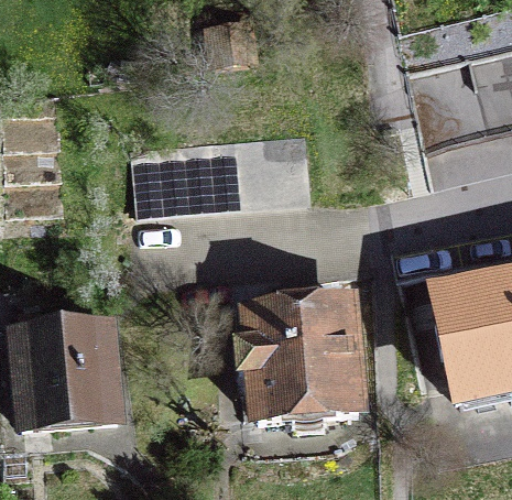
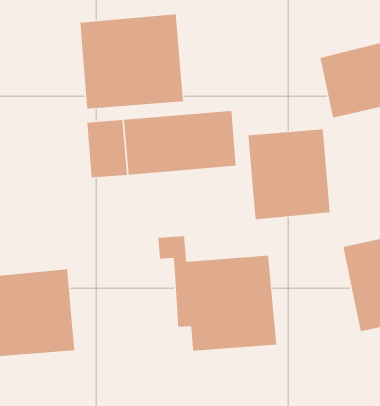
building: none -> [80,13,184,110]
building: none -> [248,129,330,220]

